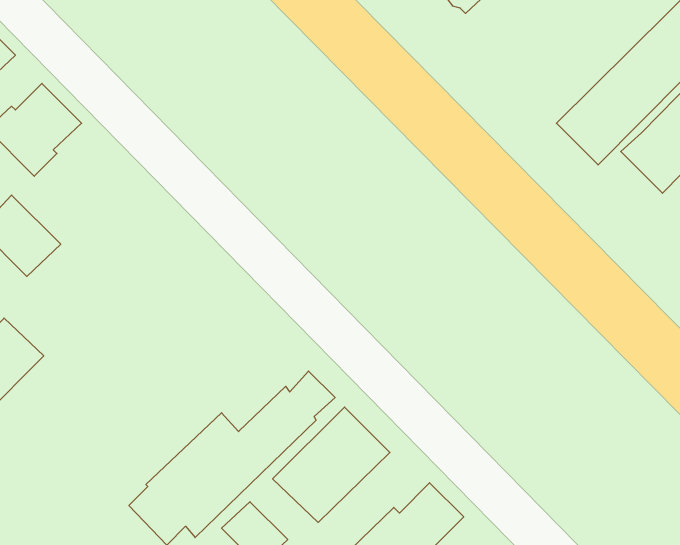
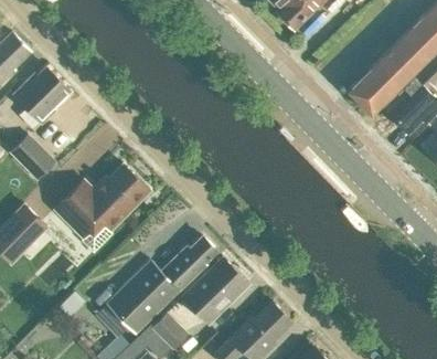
building: none -> [55,165,150,254]

